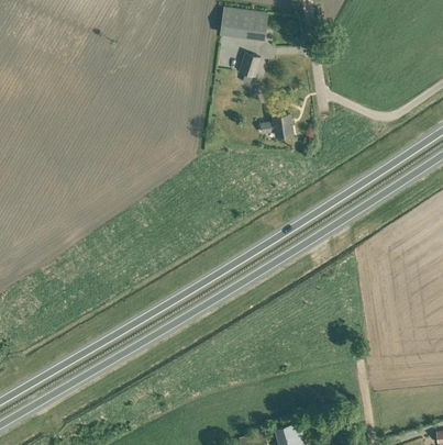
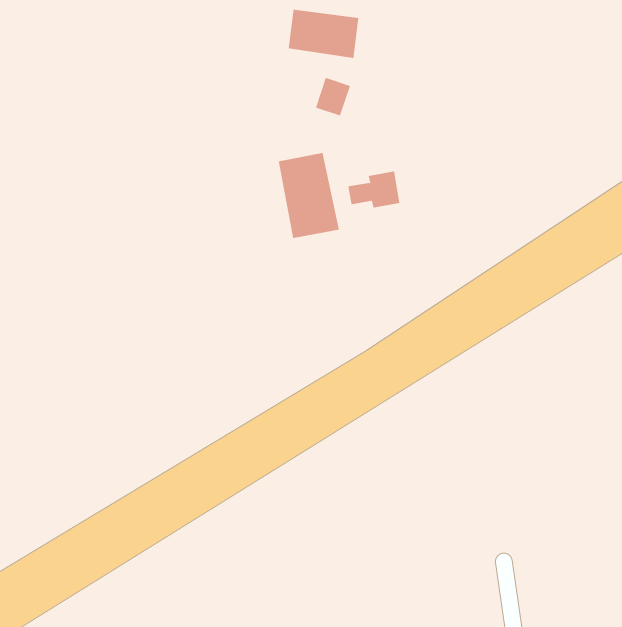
building: none -> [278,152,339,239]

